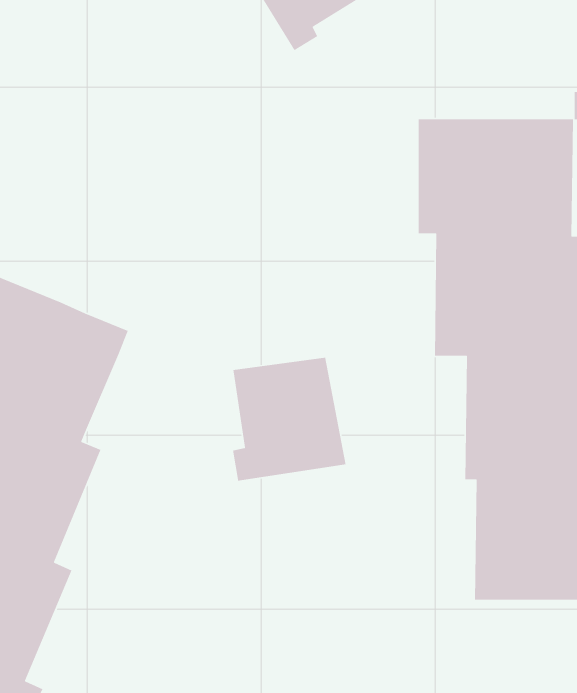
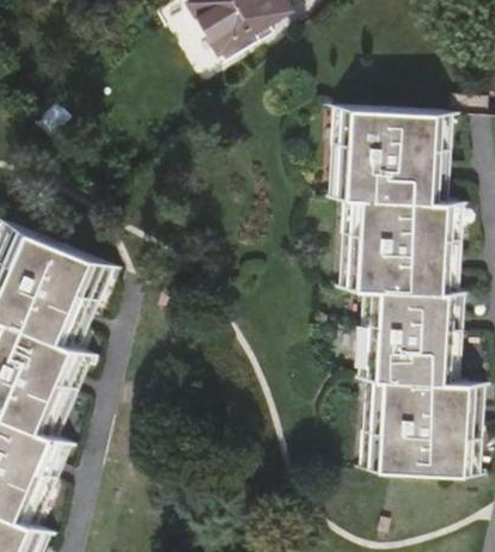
building: [232,357,346,481] -> none

